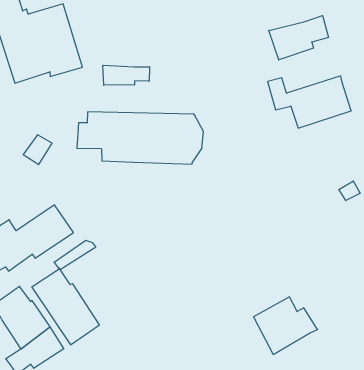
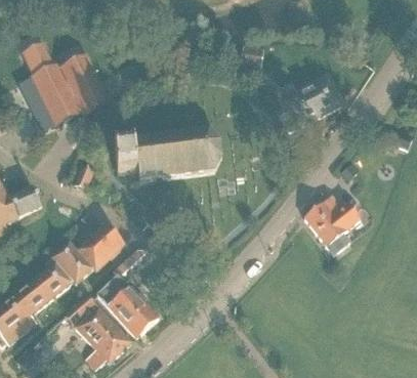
building: [269,16,329,60] -> none
building: [103,65,150,85] -> none
building: [253,297,318,354] -> [305,196,361,246]

